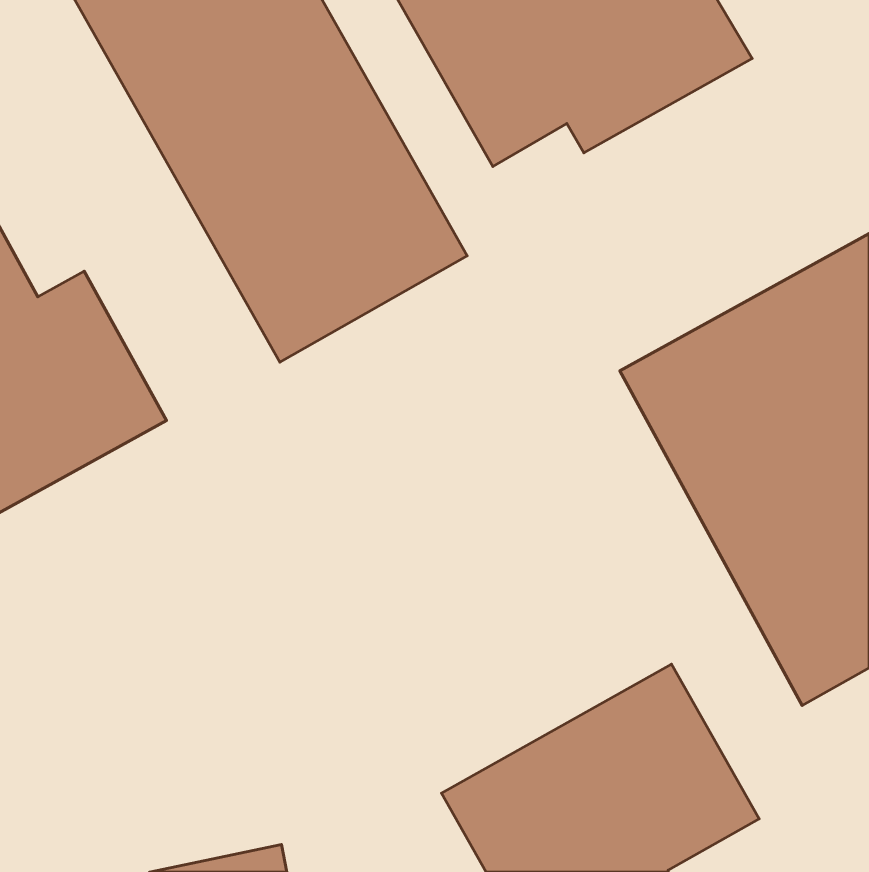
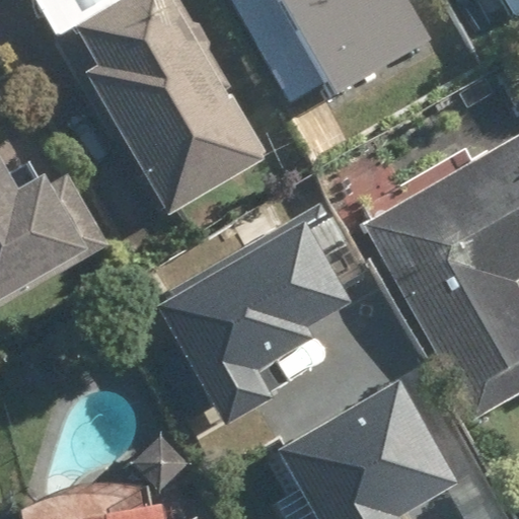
building: none -> [159,226,342,428]

